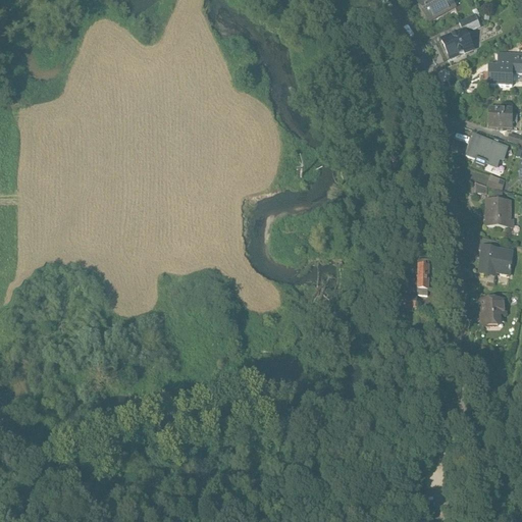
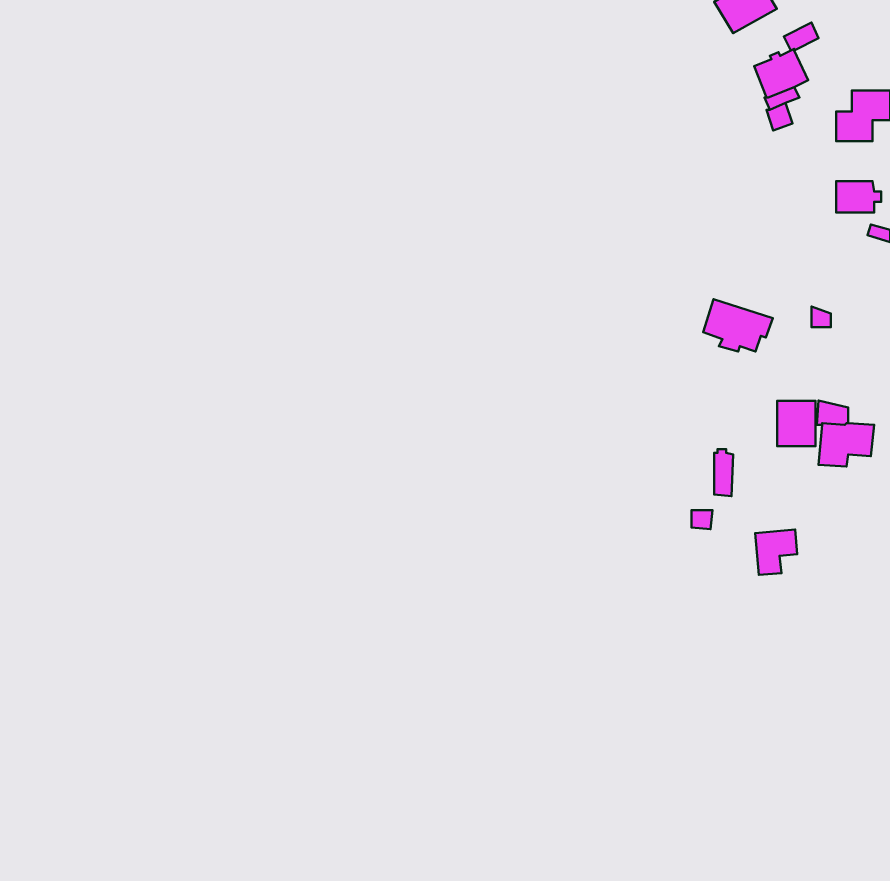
building: [465,134,506,164] -> [703,299,773,351]
building: [486,198,509,224] -> [777,401,815,446]
building: [480,298,505,324] -> [755,530,797,575]

